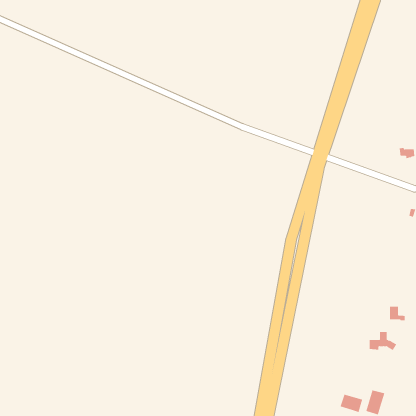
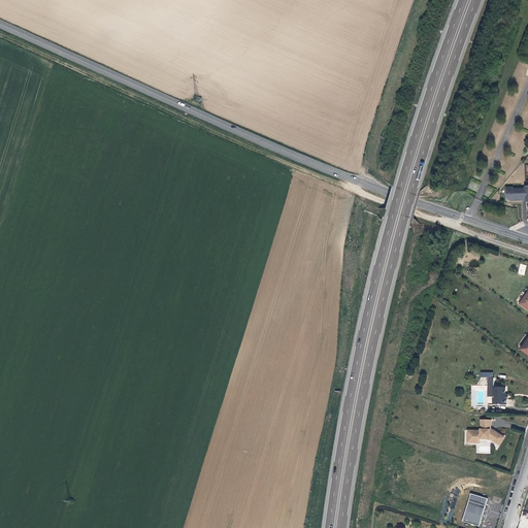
building: [340,394,363,413] -> none

